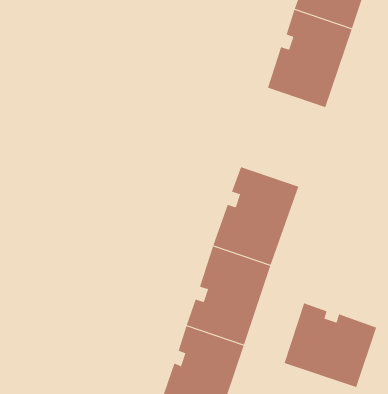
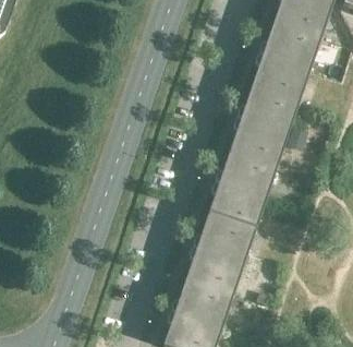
building: none -> [228,86,297,167]
building: [284,303,377,388] -> none

